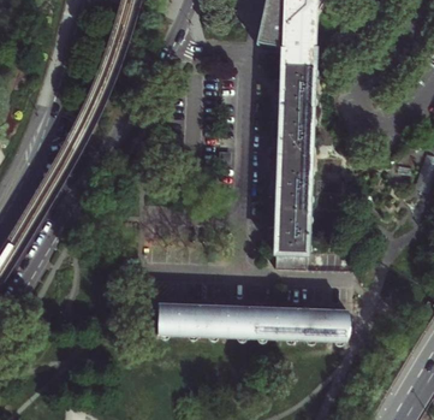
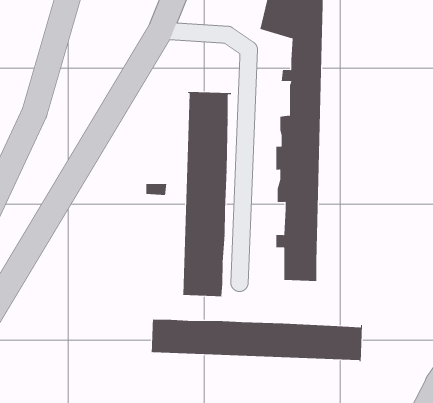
building: none -> [181,91,232,297]

